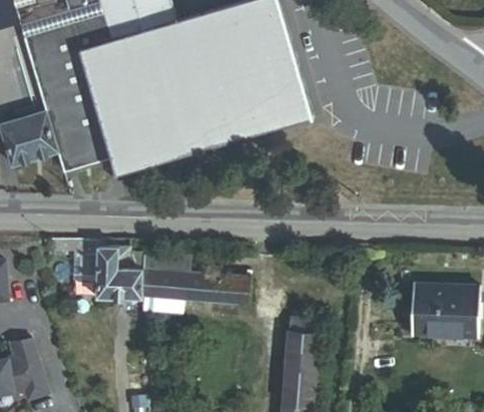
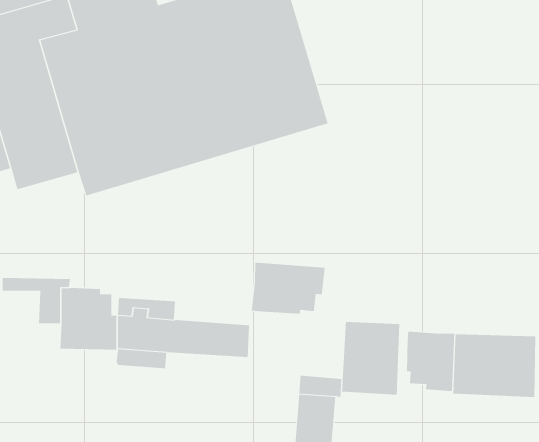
building: none -> [251,262,325,314]
building: none -> [342,321,400,395]
building: none -> [406,331,455,392]

